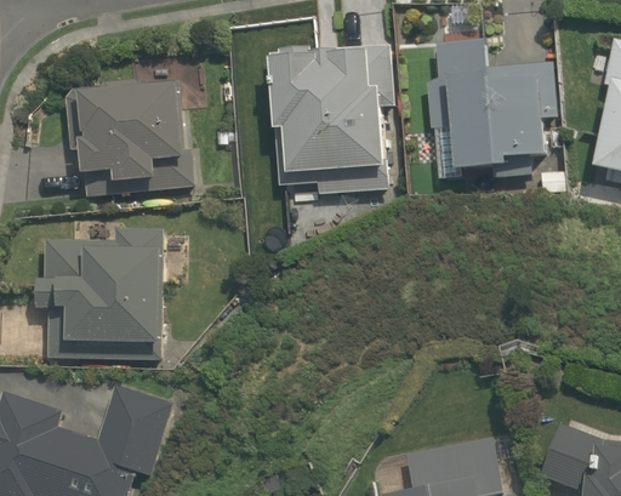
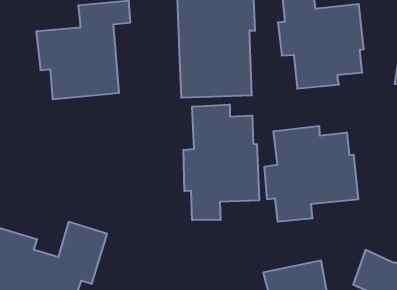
building: none -> [183,104,259,220]
building: [34,229,165,361] -> none
building: none -> [264,126,358,222]

